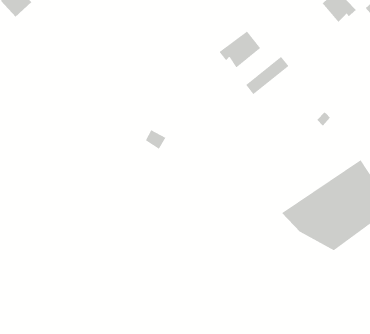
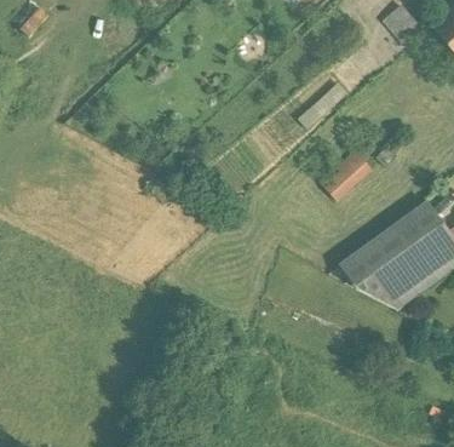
building: [218,31,261,68] -> none
building: none -> [320,149,372,200]

